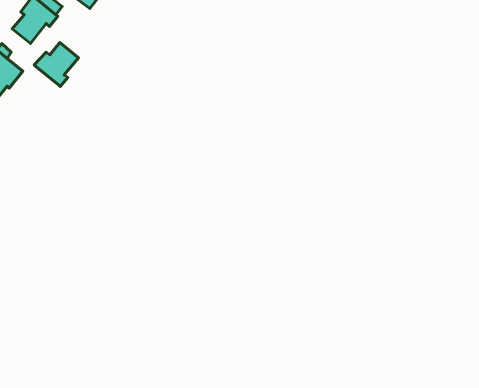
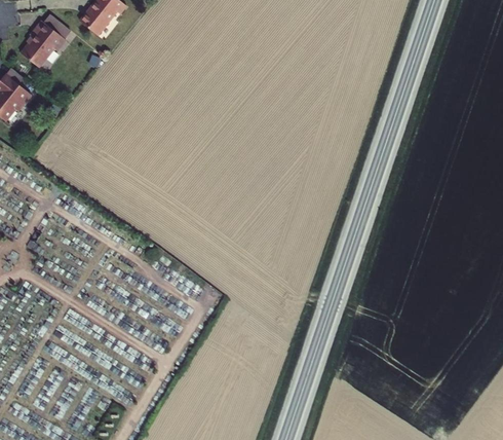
building: [34,42,79,87] -> none

